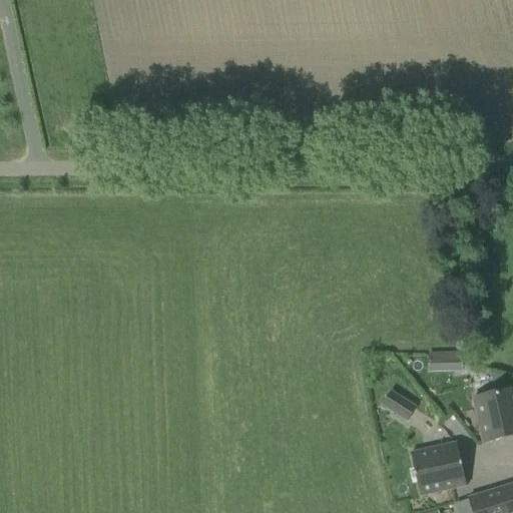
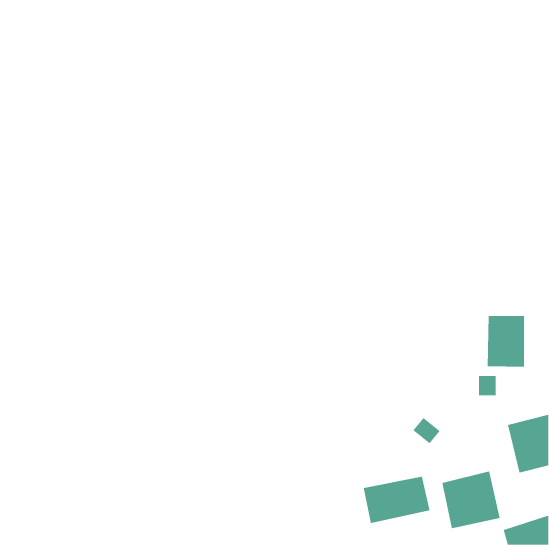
building: none -> [487,315,525,367]
building: none -> [363,476,430,524]

